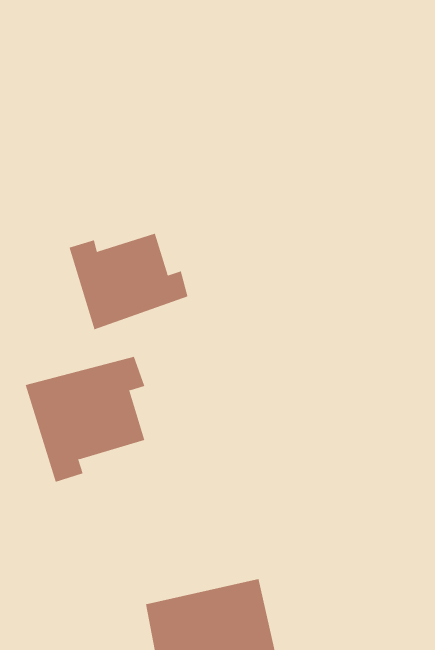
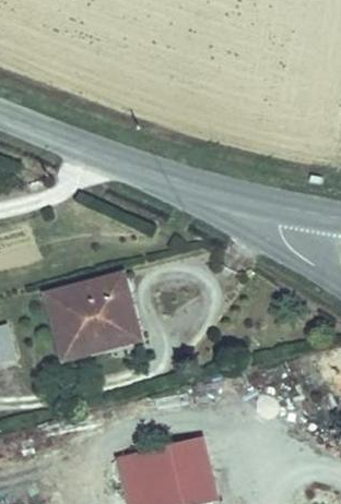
building: [69,233,188,330] -> none

